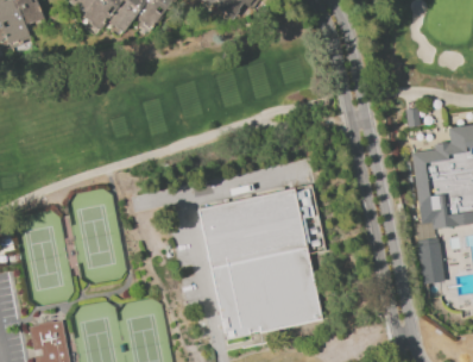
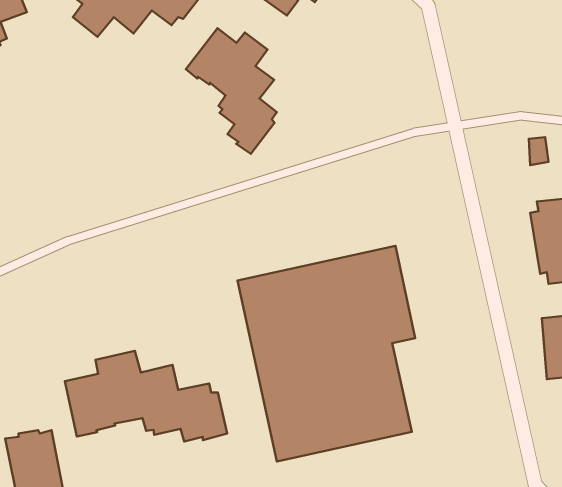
building: none -> [186,28,277,154]
building: none -> [65,351,227,442]

